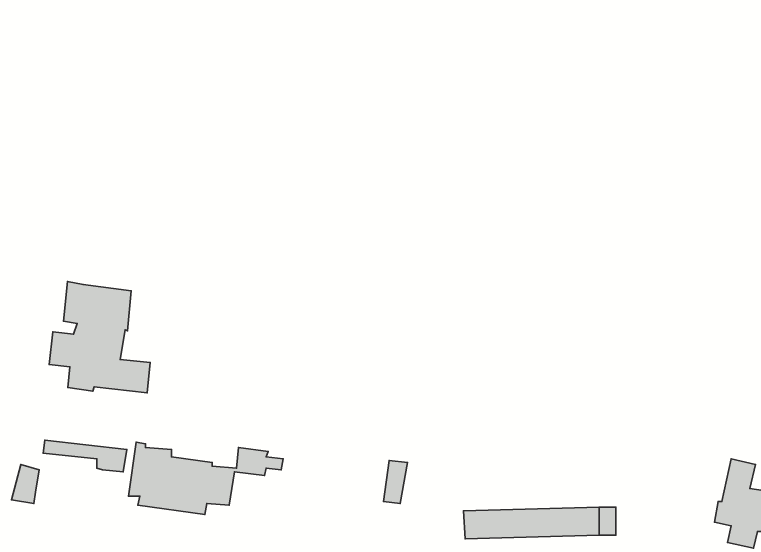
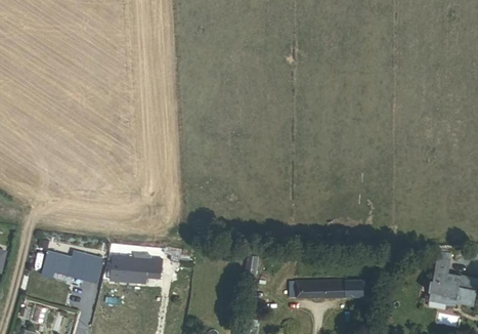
building: [49,281,150,393] -> none
building: none -> [53,260,86,280]

